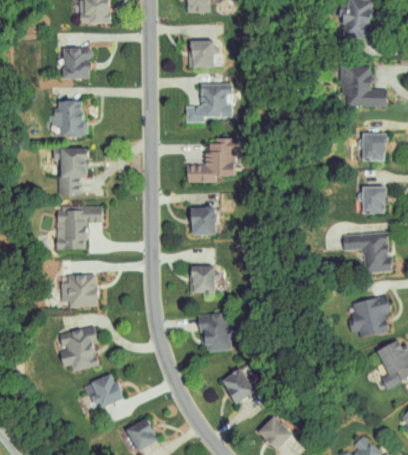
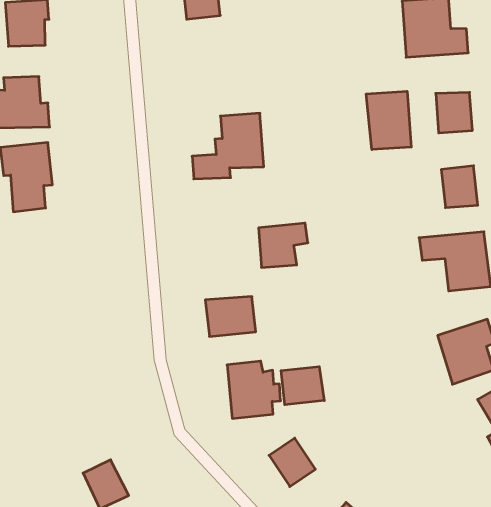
building: [185,83,233,122] -> none
building: none -> [366,91,411,150]
building: [189,206,223,235] -> [259,223,308,267]
building: [56,208,102,251] -> none
building: [60,273,108,308] -> none
building: none -> [281,367,324,405]
building: [55,326,99,371] -> none

